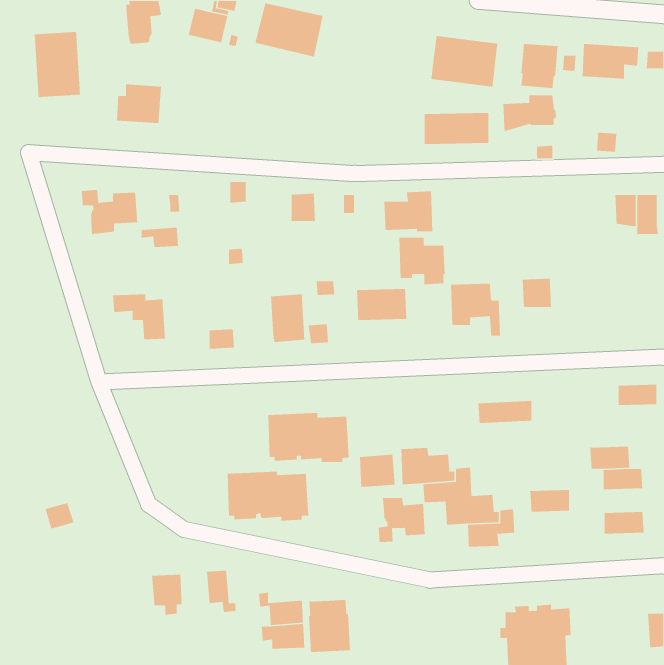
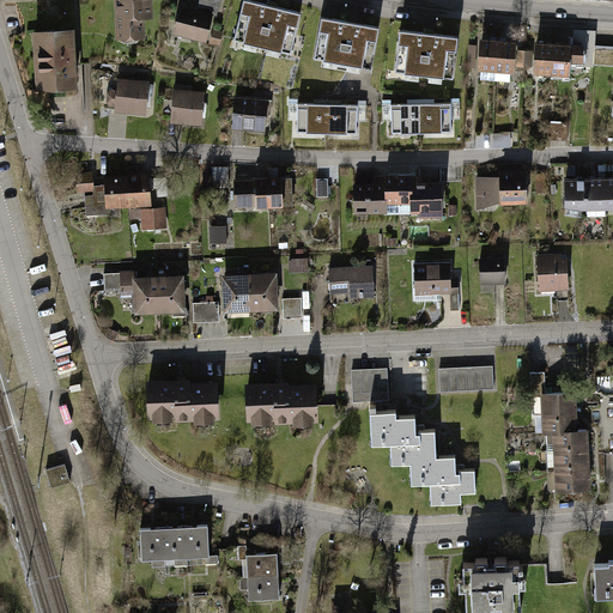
building: none -> [314,20,377,71]
building: none -> [171,83,205,125]
building: [502,94,557,132] -> [475,174,526,208]
building: none -> [232,96,269,133]
building: none -> [295,104,356,134]
building: none -> [125,172,148,206]
building: none -> [232,180,267,206]
building: [399,237,446,285] -> [396,176,439,220]
building: none -> [539,253,569,292]
building: none -> [221,273,250,311]
building: none -> [150,274,186,316]
building: [618,384,657,406] -> [541,392,577,412]
building: [359,454,396,488] -> [351,370,384,401]
building: [227,471,309,522] -> [146,378,221,425]
building: [529,489,570,513] -> [553,450,590,472]
building: [378,497,425,543] -> none
building: none -> [166,526,192,566]
building: [308,599,351,653] -> none

